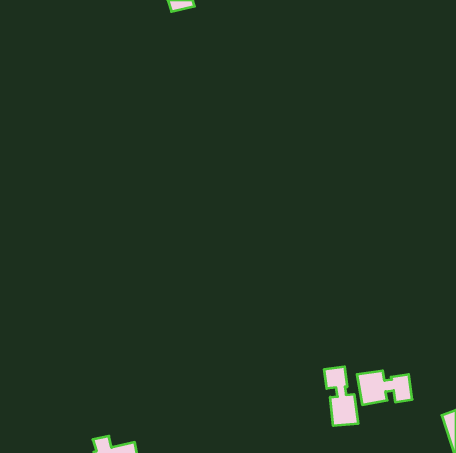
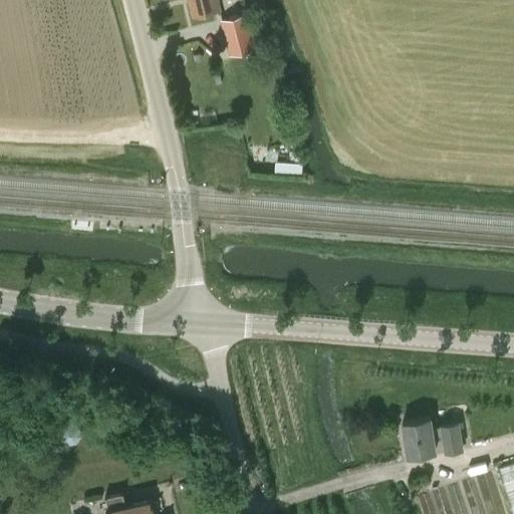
building: none -> [221,16,256,58]
building: [324,367,358,426] -> none

